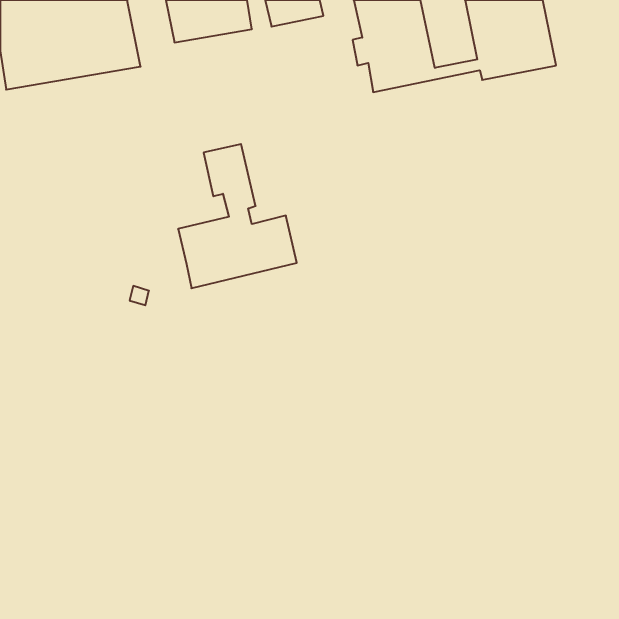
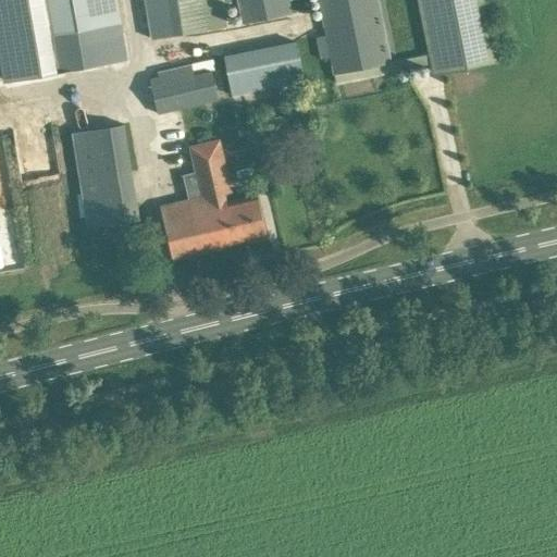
building: none -> [224,41,305,95]
building: none -> [150,64,218,112]
building: none -> [69,109,140,228]

